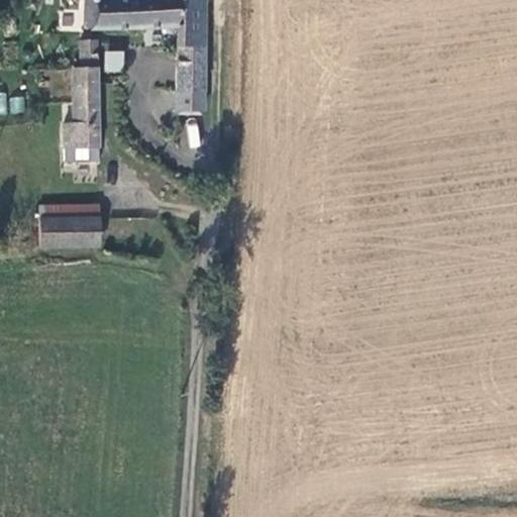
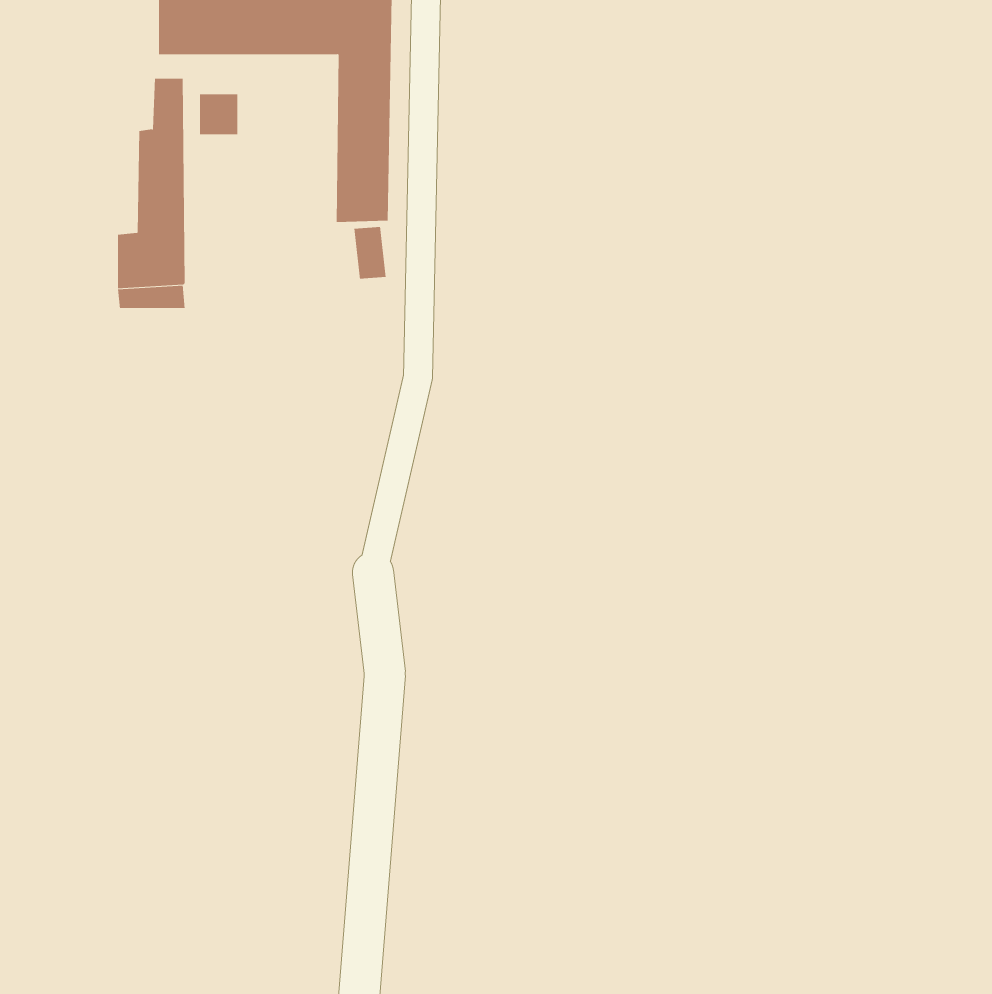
building: [40,204,99,247] -> none

